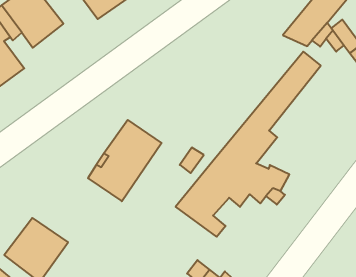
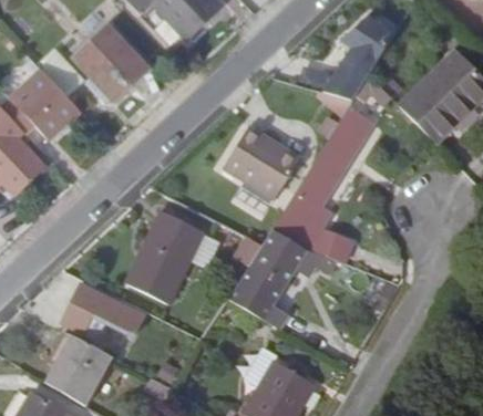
building: none -> [227,123,305,194]
building: none -> [56,280,140,333]

